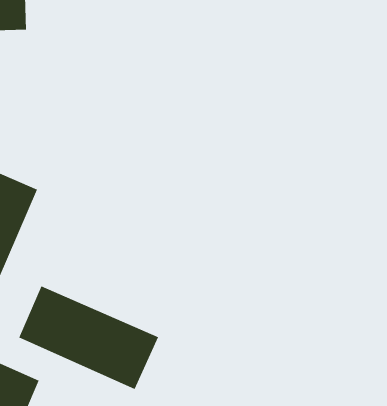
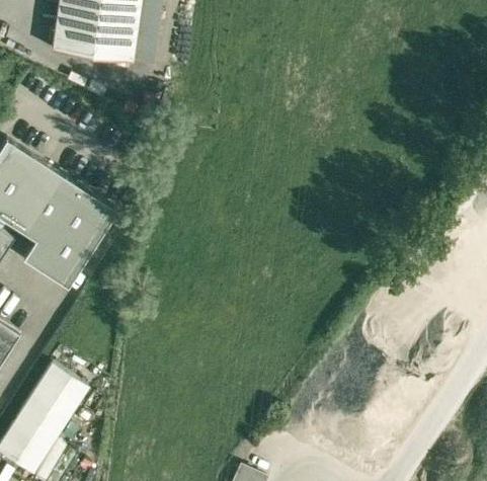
building: [18,286,159,390] -> none

